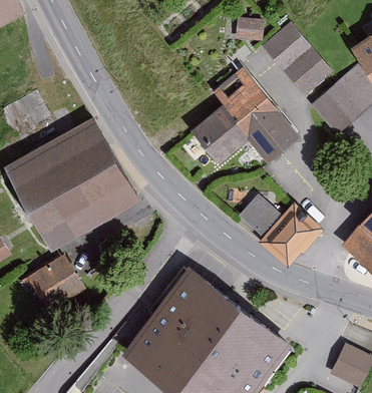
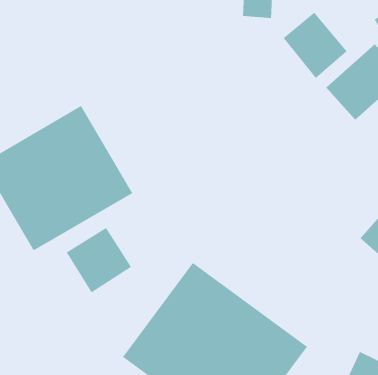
building: [194,80,294,159] -> none
building: [241,198,324,267] -> none
building: [26,253,86,313] -> [66,227,132,293]

